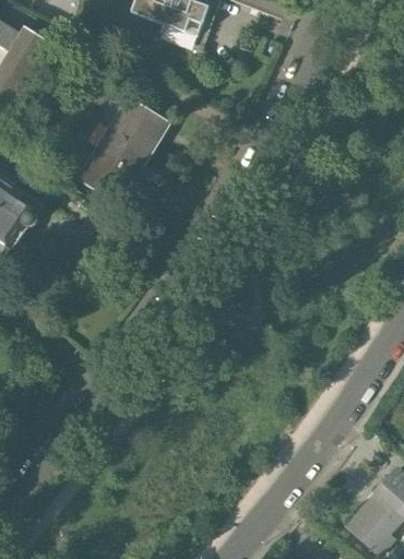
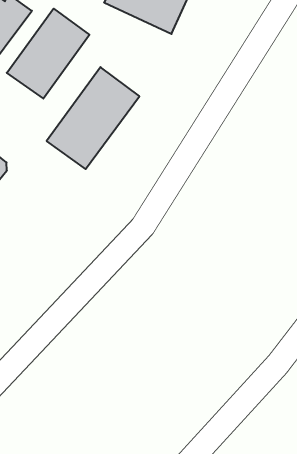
building: none -> [7,9,89,99]

